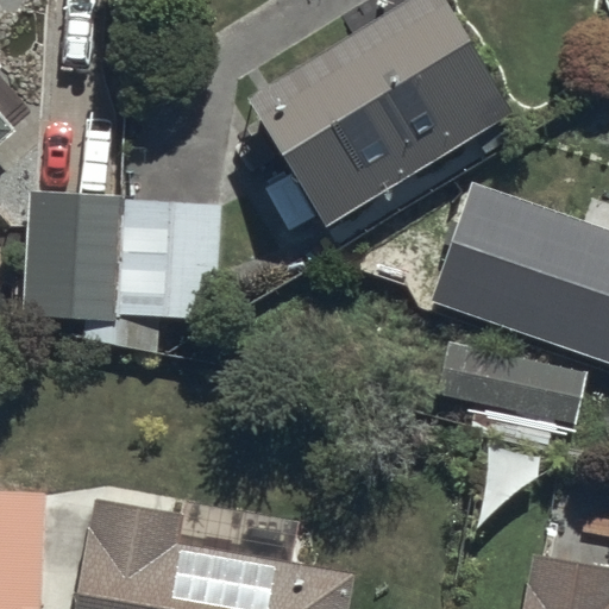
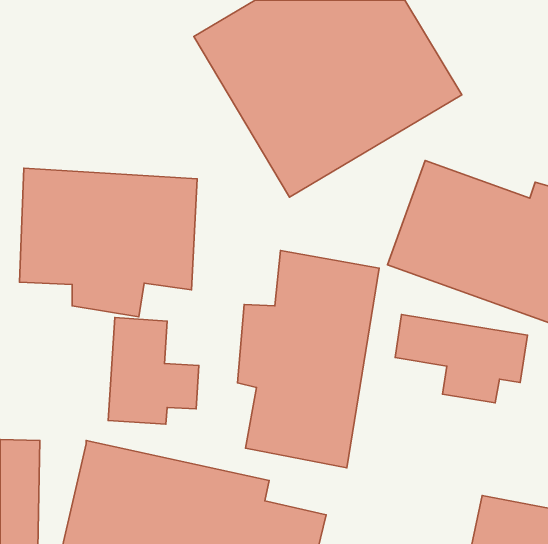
building: none -> [238,250,379,468]
building: none -> [108,317,199,424]

